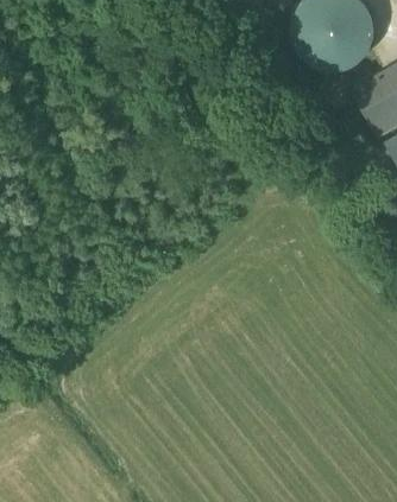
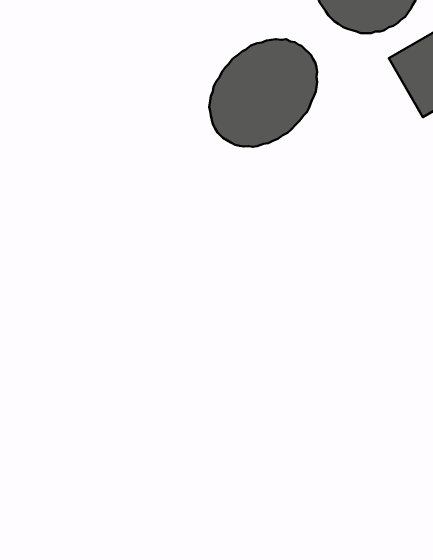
building: none -> [209,39,317,147]

